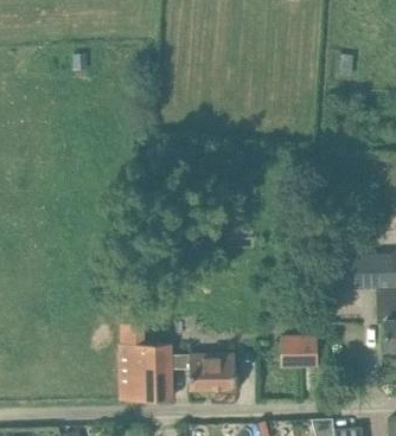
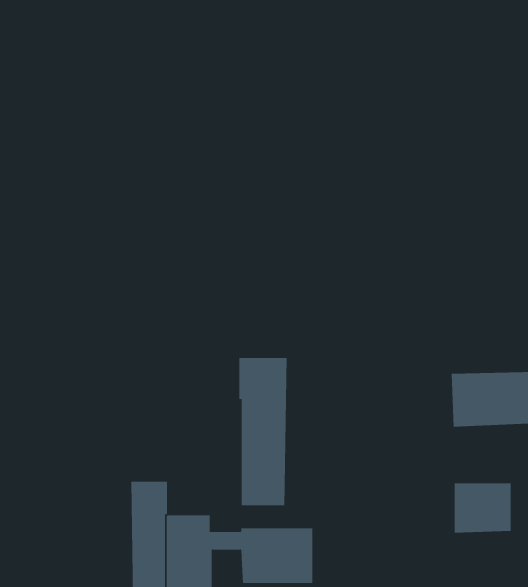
building: none -> [239,357,287,506]
building: [280,336,317,368] -> [454,483,512,533]

